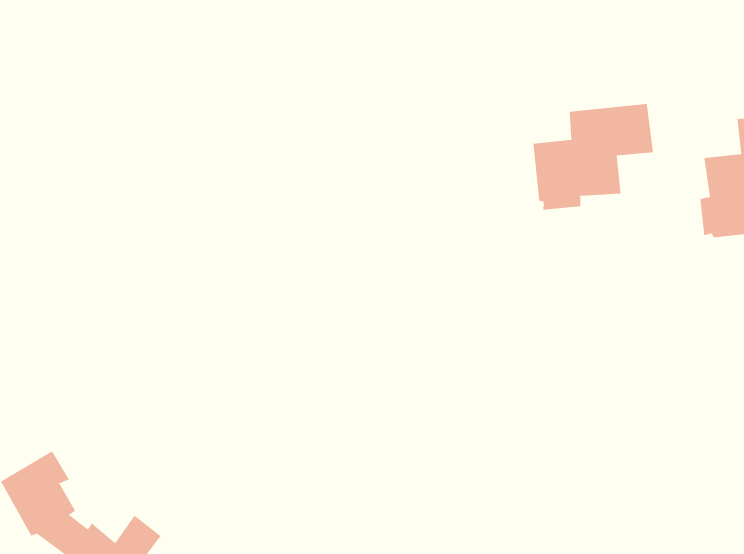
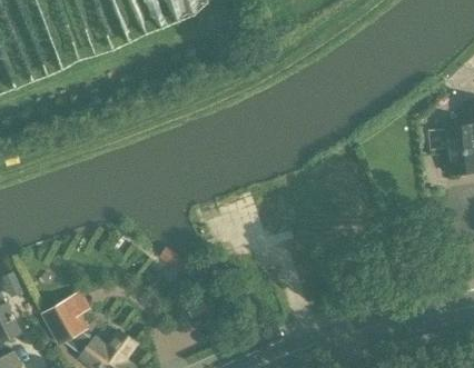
building: [533,103,653,211] -> none

